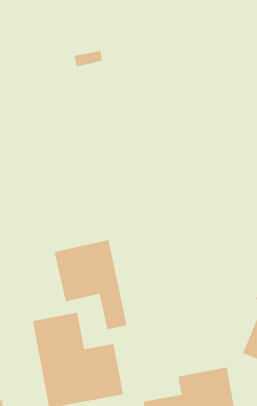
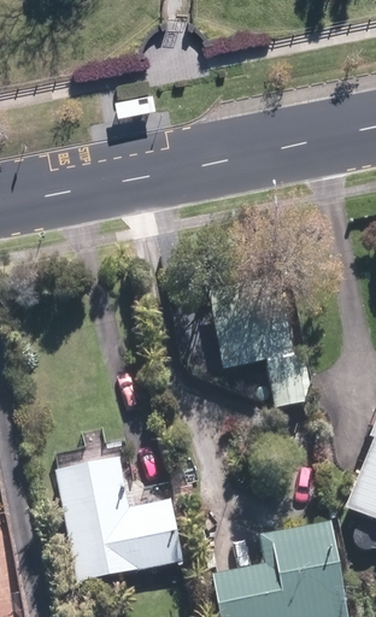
building: [54,240,127,330] -> [206,283,309,409]

